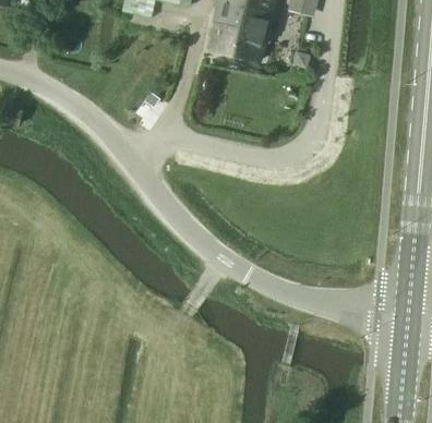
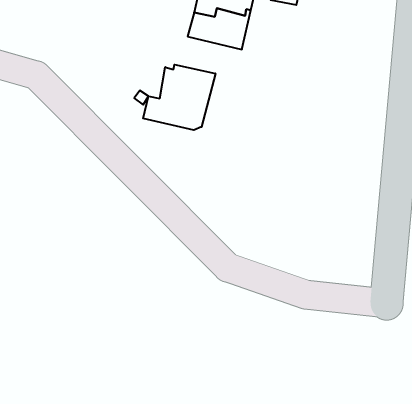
building: none -> [143,65,215,130]

